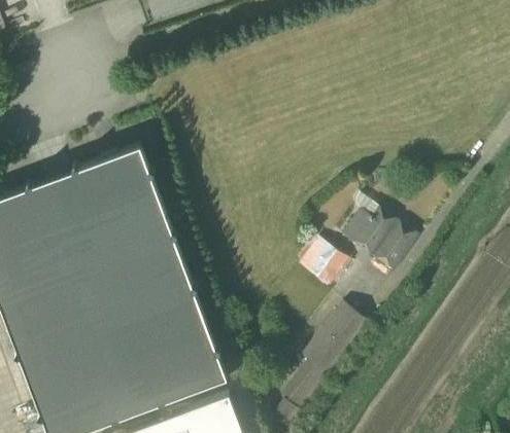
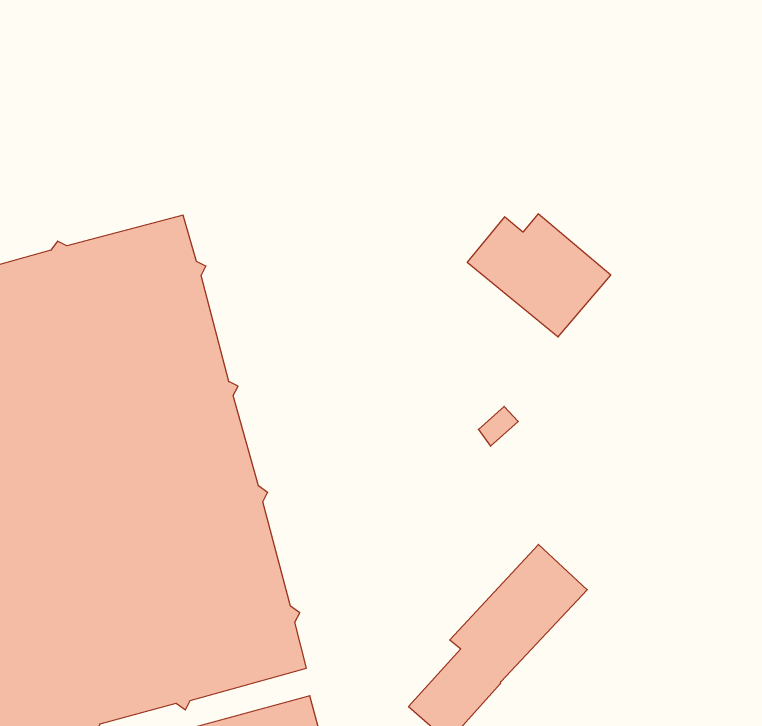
building: [339,209,415,273] -> [467,214,611,337]
building: [319,249,354,283] -> none

